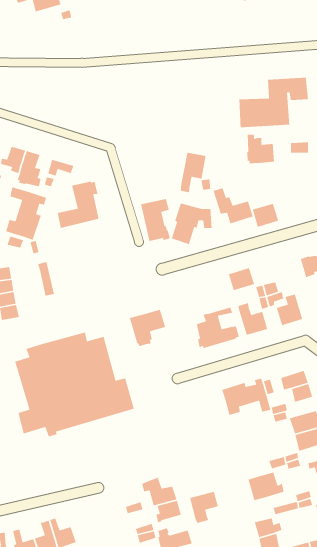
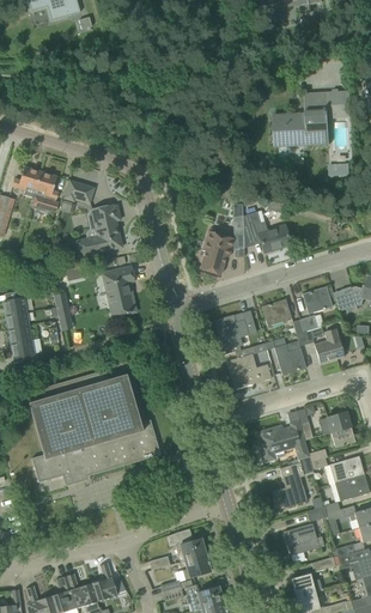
building: [247,134,275,164] -> none
building: [180,152,207,193] -> none
building: [5,186,47,241] -> none
building: [140,198,171,242] -> [103,267,136,315]
building: [252,203,279,228] -> [303,286,333,314]
building: [129,309,166,347] -> [215,311,256,353]
building: none -> [272,462,308,510]
building: [189,491,219,524] -> none
building: none -> [91,563,117,601]

